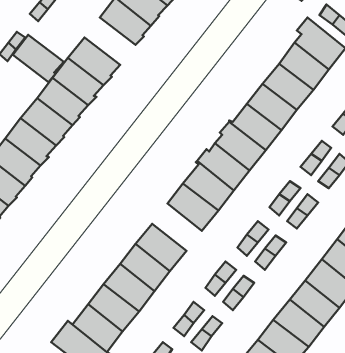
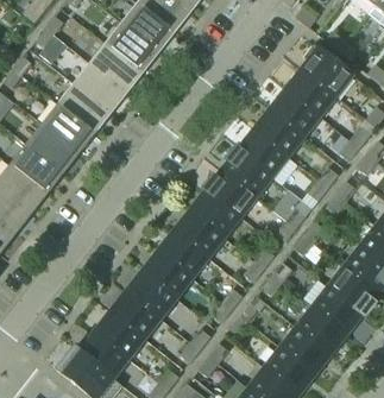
building: [13,35,64,82] -> [90,43,141,90]
building: none -> [158,229,208,277]

